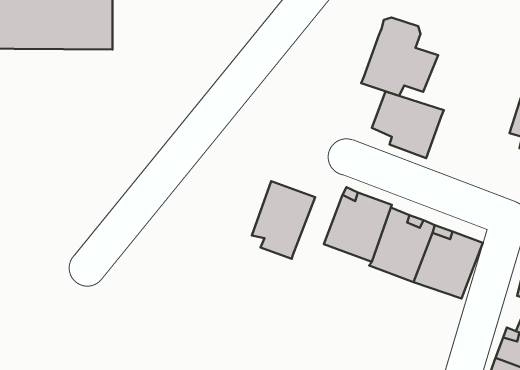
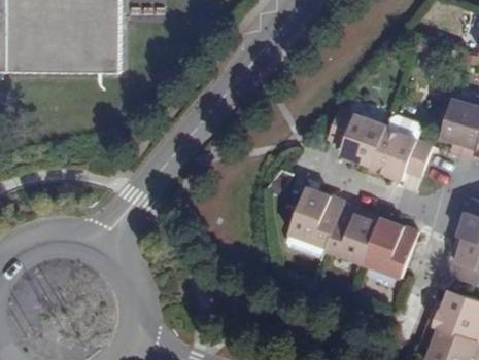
building: [361,17,438,96] -> [370,112,433,176]
building: [252,181,315,259] -> none

